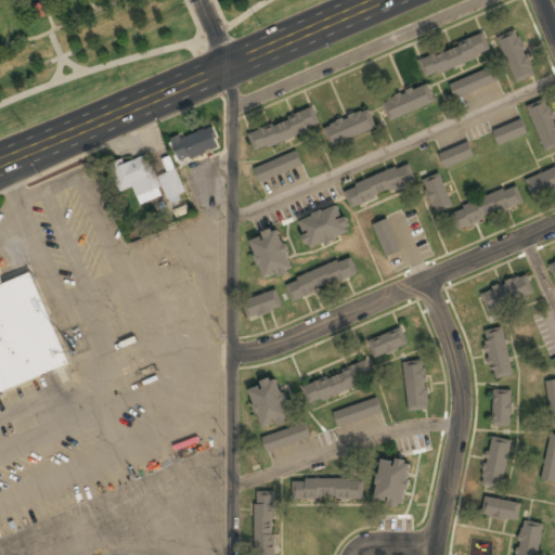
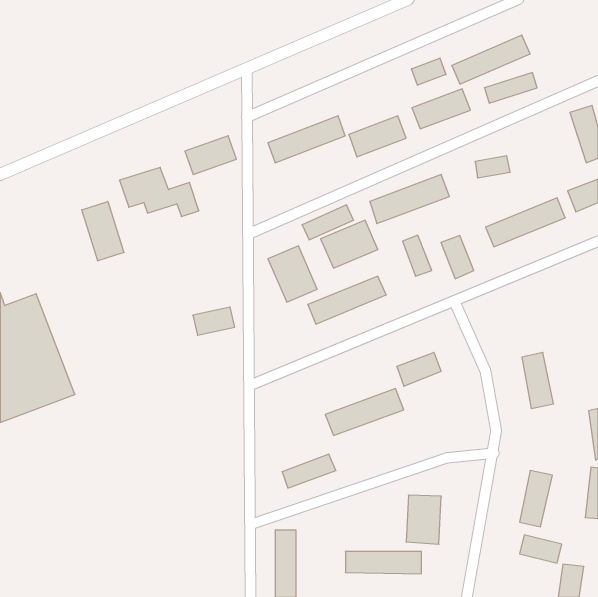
building: [498,29,535,82] -> none
building: none -> [411,58,446,85]
building: [492,118,527,145] -> none
building: [254,150,301,182] -> [302,205,354,240]
building: [422,172,452,212] -> [441,235,474,279]
building: none -> [82,201,124,261]
building: [480,274,534,310] -> none
building: [243,291,282,317] -> [193,307,235,335]
building: [404,361,428,410] -> none
building: [249,378,291,428] -> none
building: [492,389,512,425] -> none
building: [333,398,382,426] -> none
building: [293,478,363,499] -> [345,551,421,574]

